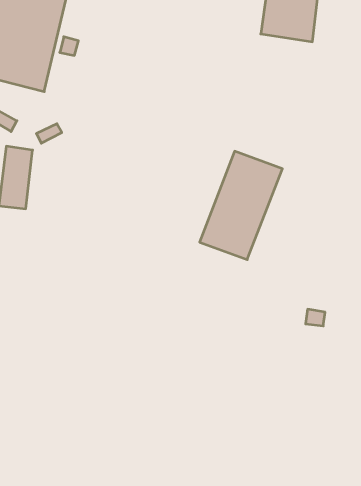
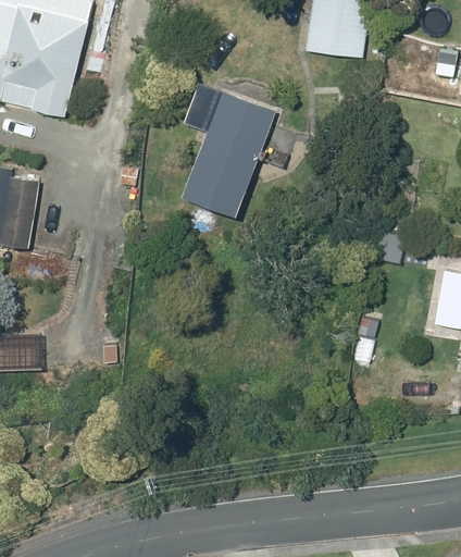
building: [200,151,282,260] -> [182,92,274,213]

